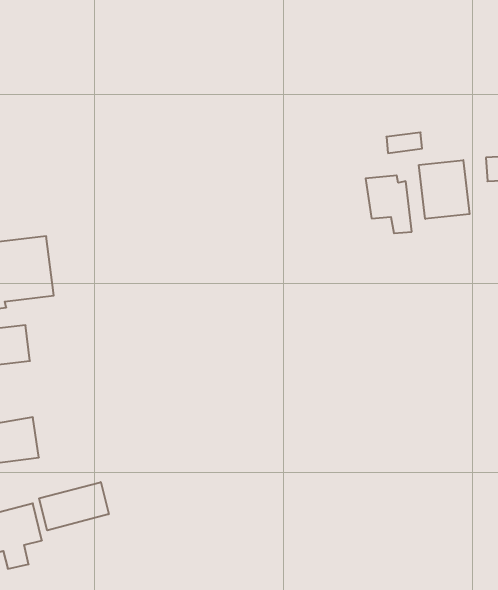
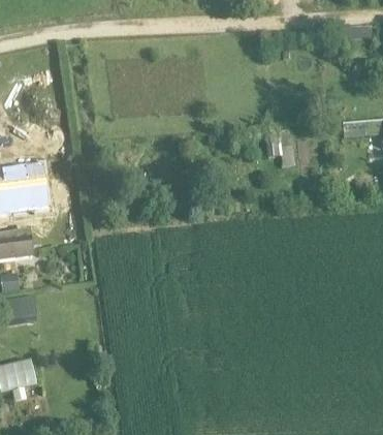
building: [419,160,470,219] -> none
building: [39,482,109,530] -> none

